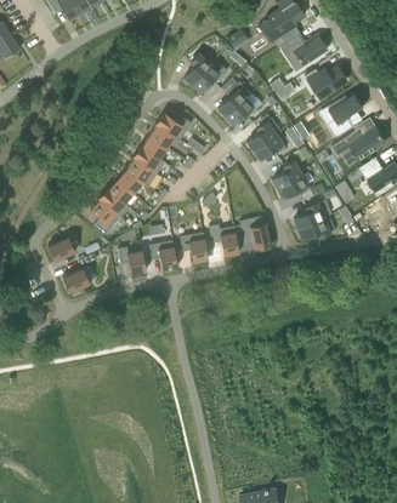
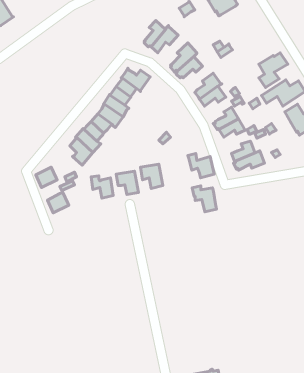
building: [279,34,327,64] -> none
building: [304,65,346,98] -> none
building: [208,223,238,256] -> [192,186,216,212]

